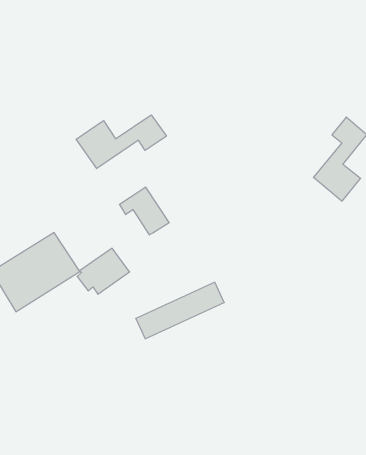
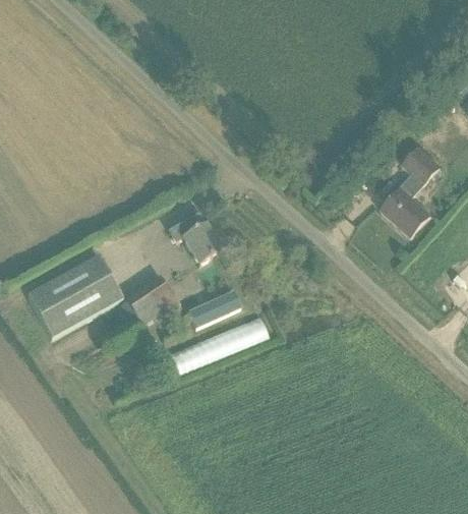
building: [76,115,166,169] -> none
building: none -> [188,290,241,327]

